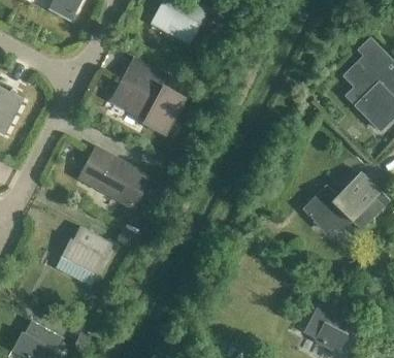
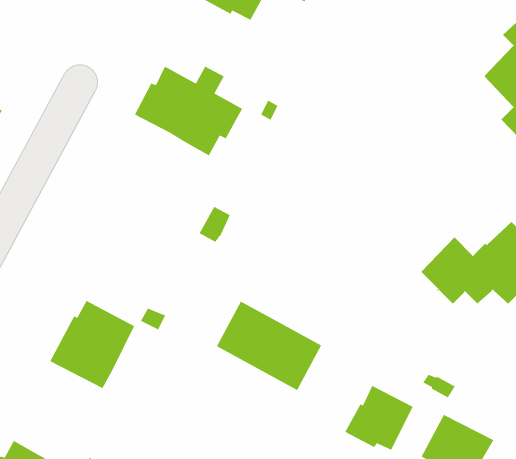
building: [78,148,150,208] -> [216,300,322,391]
building: none -> [344,385,414,451]

